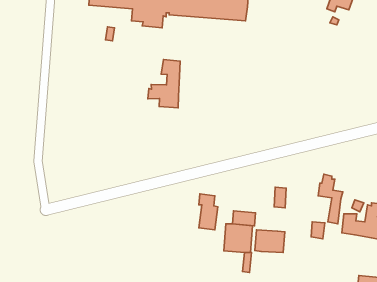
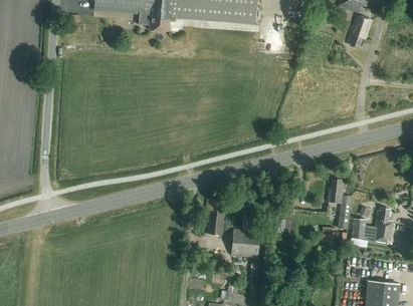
building: none -> [348,15,371,47]
building: [148,59,180,108] -> none
building: [255,230,285,253] -> none

